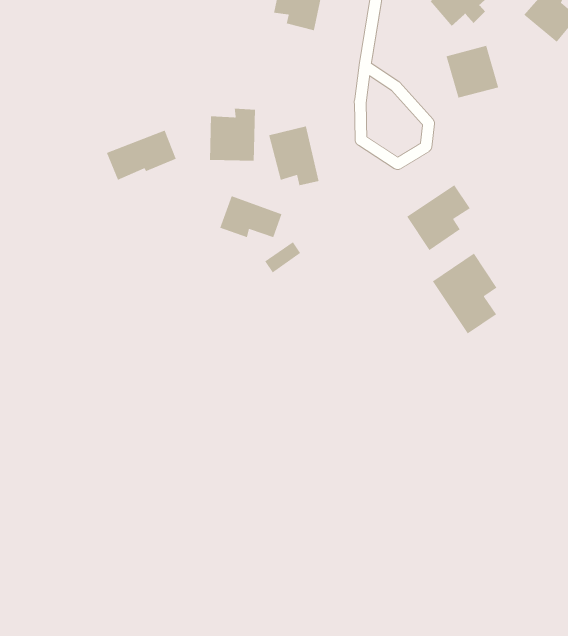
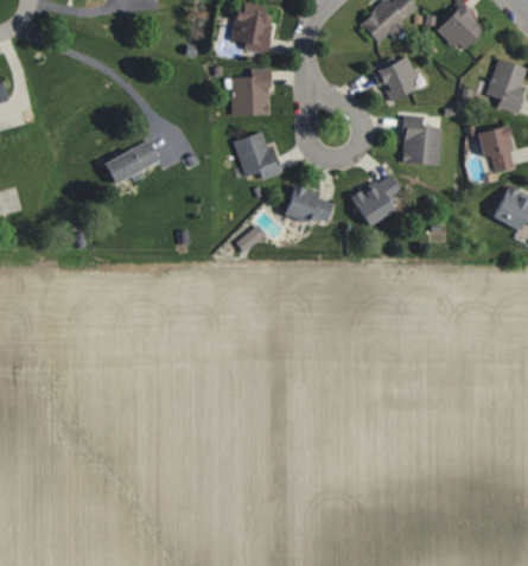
building: [209,108,256,161] -> [233,70,271,114]
building: none -> [402,119,441,165]
building: [219,195,282,238] -> [282,187,333,222]
building: [432,253,497,334] -> none

